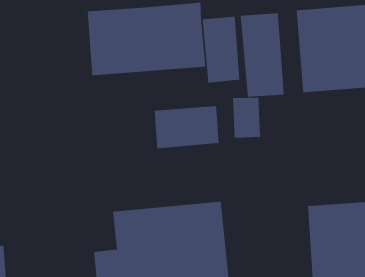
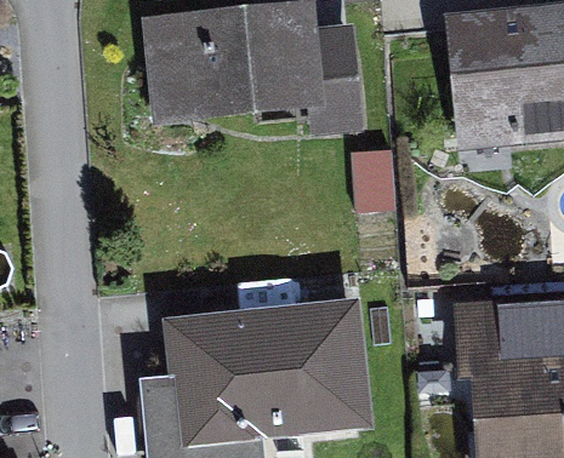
building: [240,13,284,97] -> none
building: [154,105,219,149] -> none

